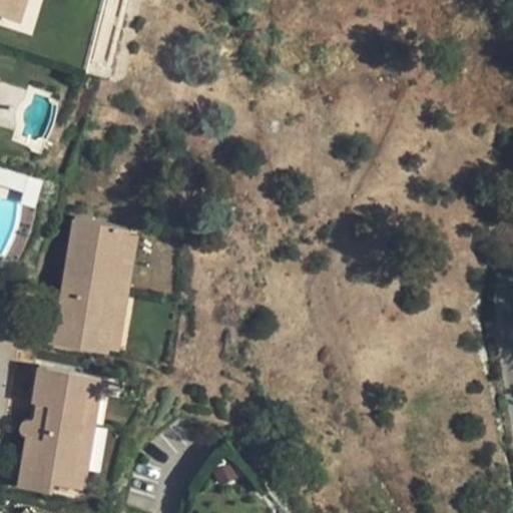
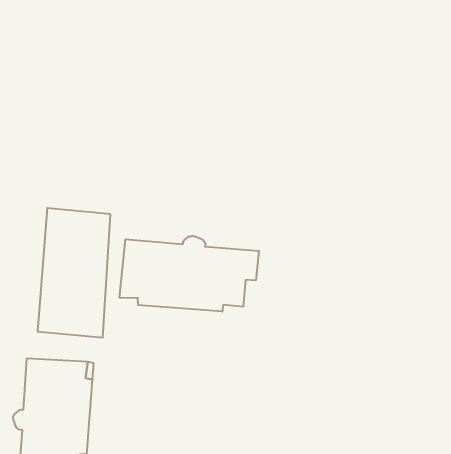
building: none -> [120,236,259,312]

